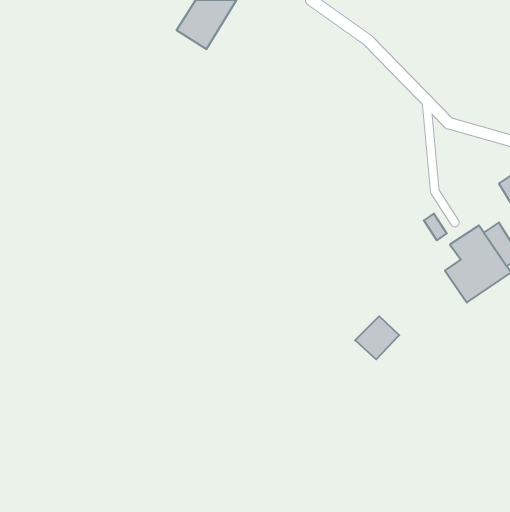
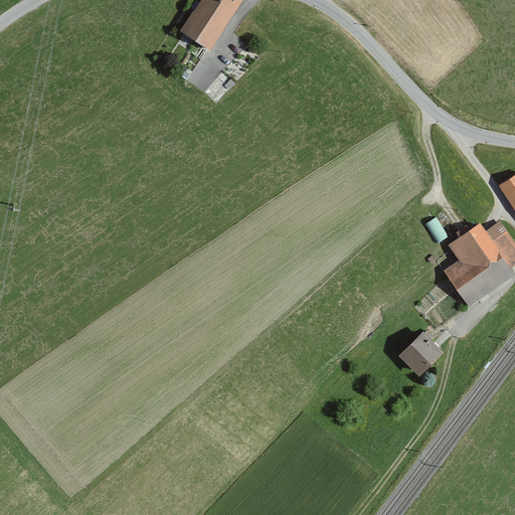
building: [355,316,399,359] -> [394,331,439,374]

